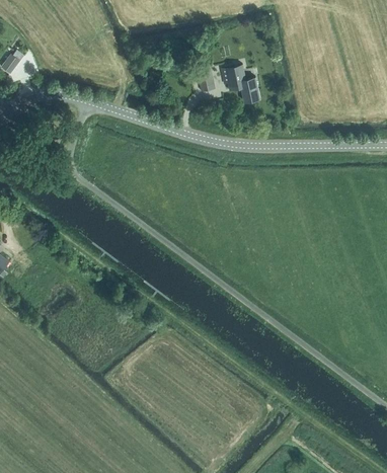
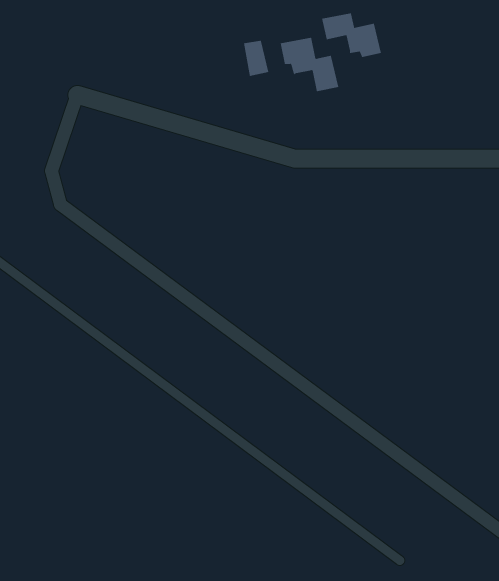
building: none -> [321,13,381,58]

